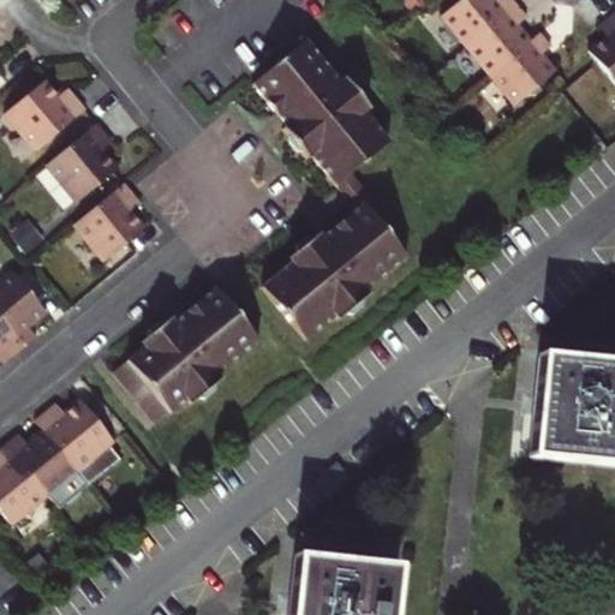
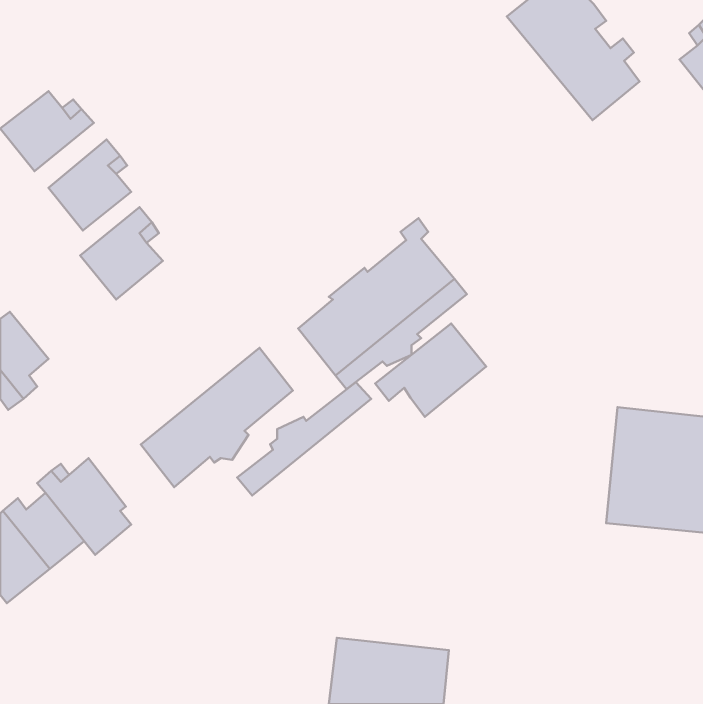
building: [253,38,389,202] -> none
building: none -> [375,323,486,417]
building: [112,288,228,387] -> [237,382,371,495]

